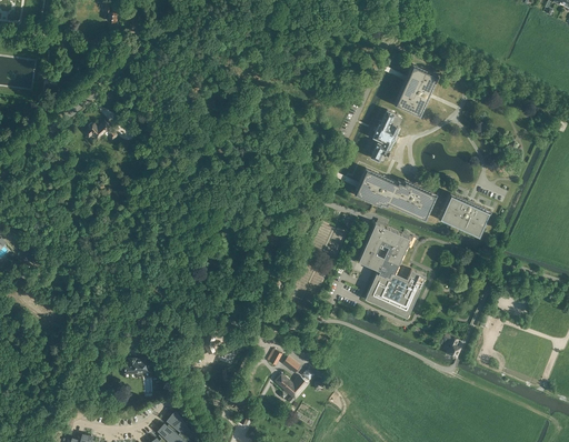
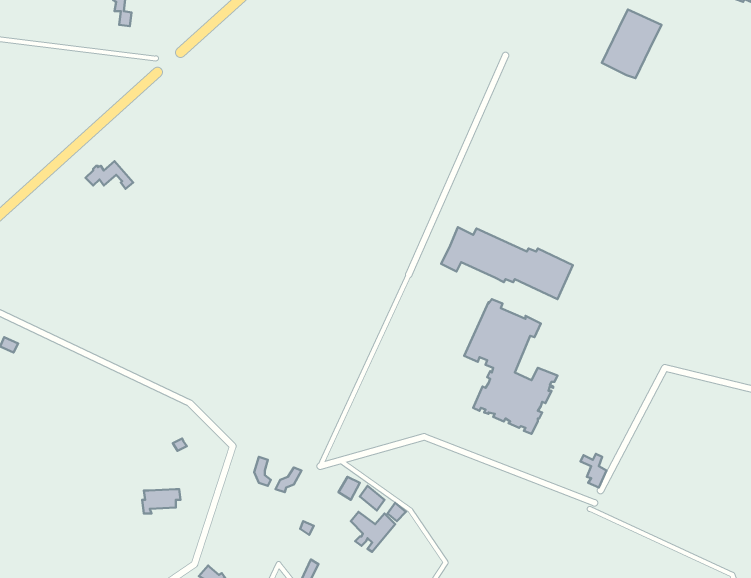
building: [397,67,440,117] -> [602,9,662,78]
building: [369,110,401,165] -> none
building: [438,193,489,237] -> none

